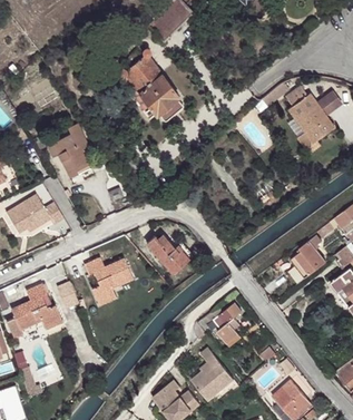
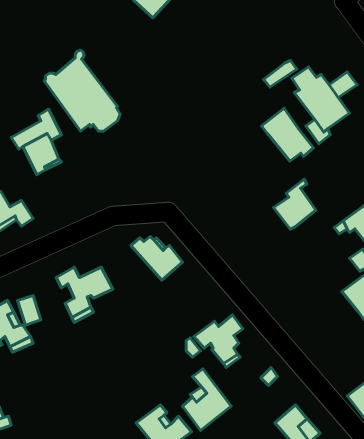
building: [119,52,185,123] -> [44,50,120,131]
building: none -> [262,108,313,161]
building: [290,233,326,276] -> [273,179,316,229]

